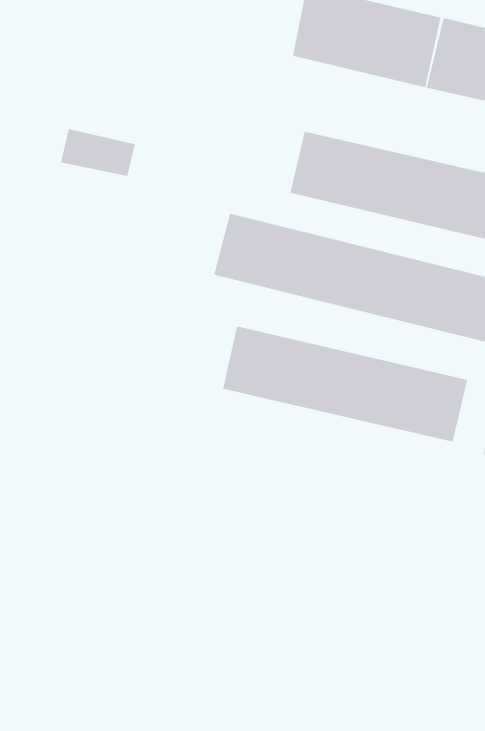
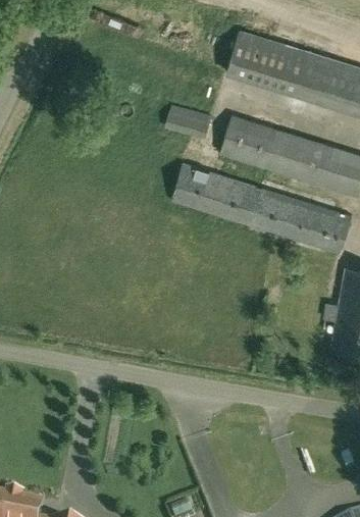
building: [60,128,136,177] -> [164,106,210,138]
building: [222,326,468,442] -> none

